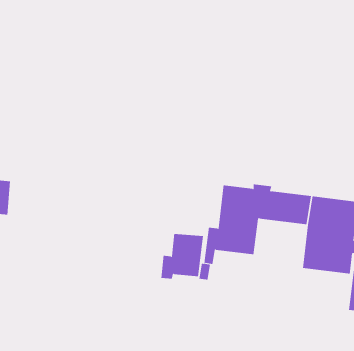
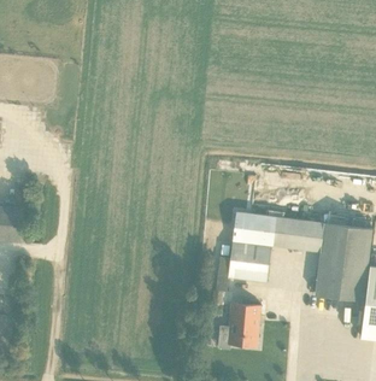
building: [160,233,204,279] -> [218,304,262,350]

